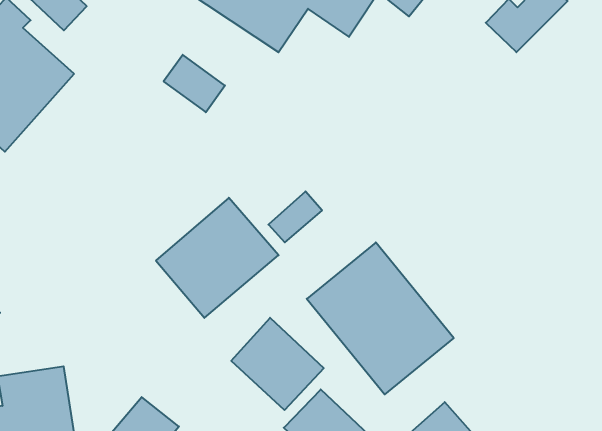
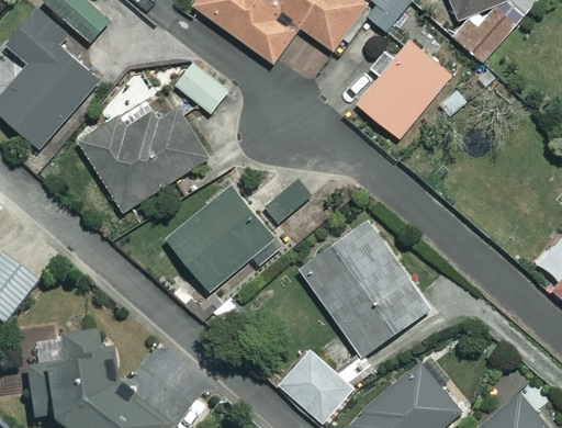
building: none -> [358,41,451,138]
building: none -> [80,108,209,212]
building: [231,318,324,410] -> none

